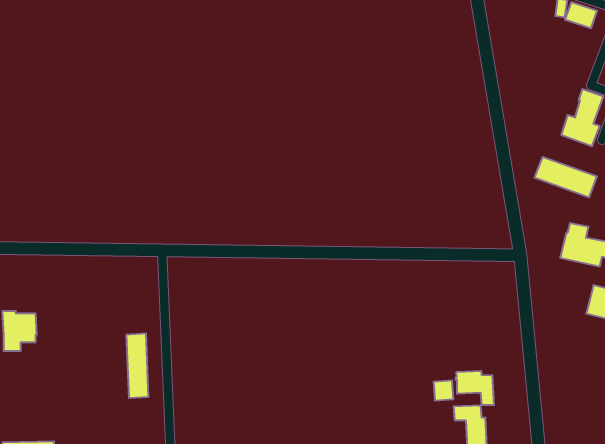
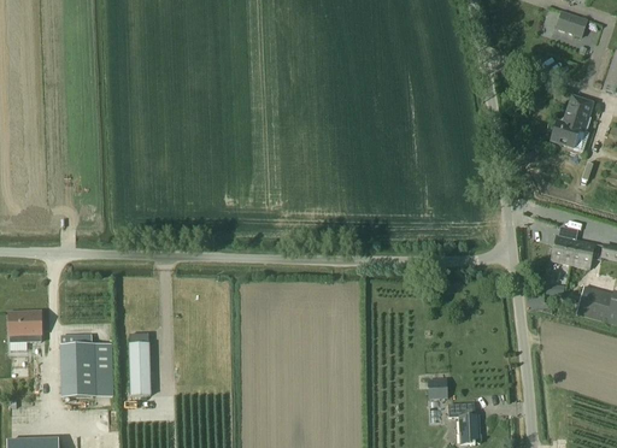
building: [535,157,597,197] -> none
building: none -> [61,335,113,396]
building: [456,371,494,405] -> none

